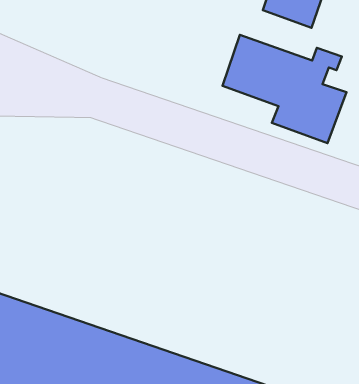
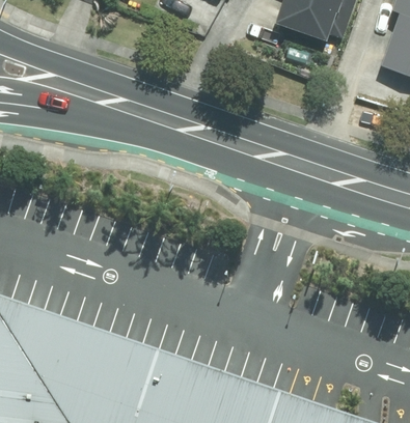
building: [223,35,346,143] -> none

